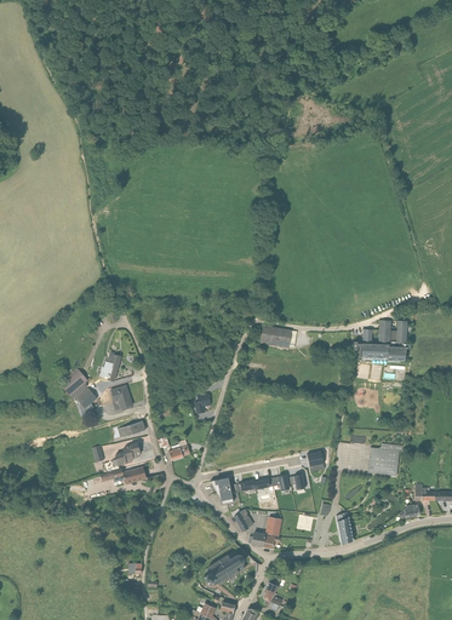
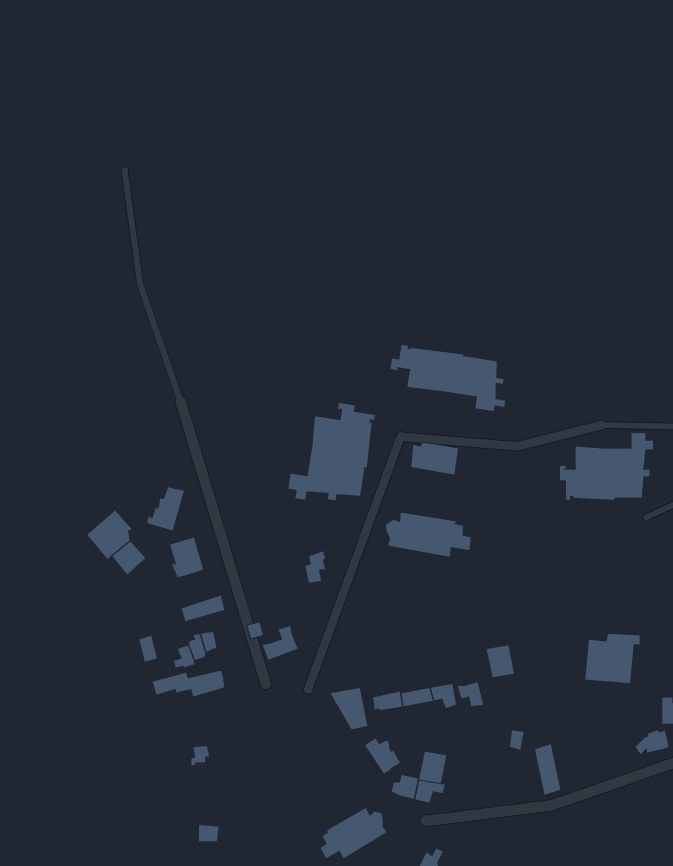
building: none -> [390,344,506,412]
building: none -> [288,402,376,501]
building: none -> [385,512,471,557]

